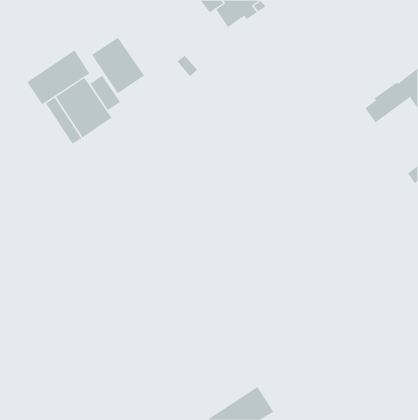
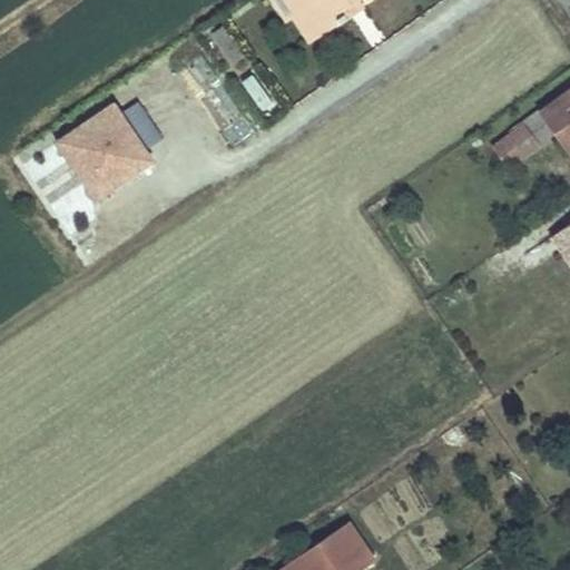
building: [92,37,145,94] -> none
building: [26,50,90,105] -> none

